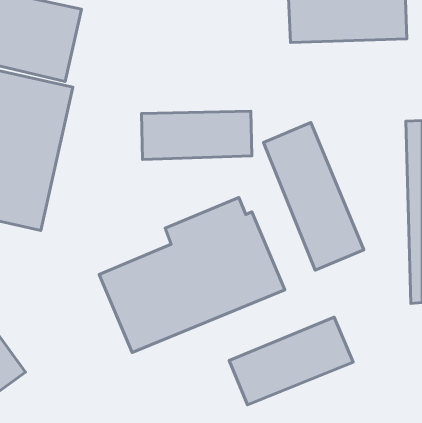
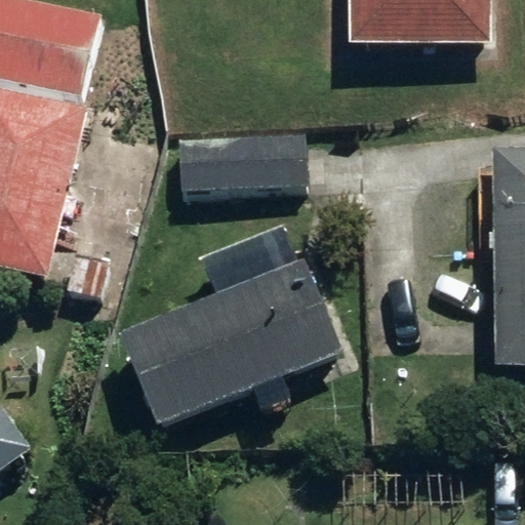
building: [263,123,364,270] -> none
building: [229,317,353,405] -> none

